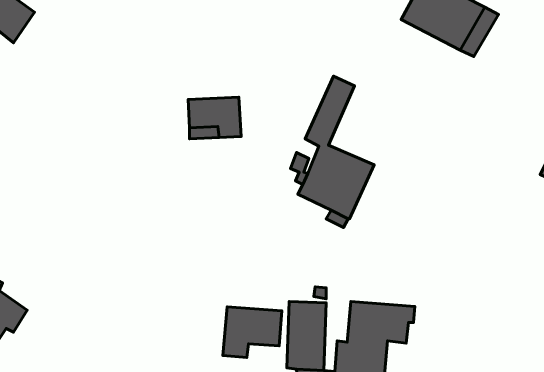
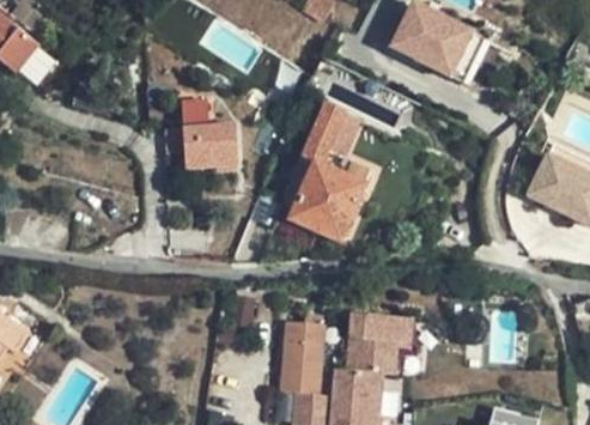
building: none -> [321,111,373,188]
building: [223,307,282,357] -> none

